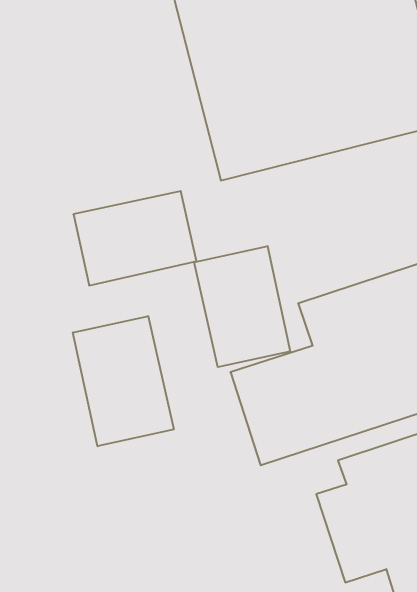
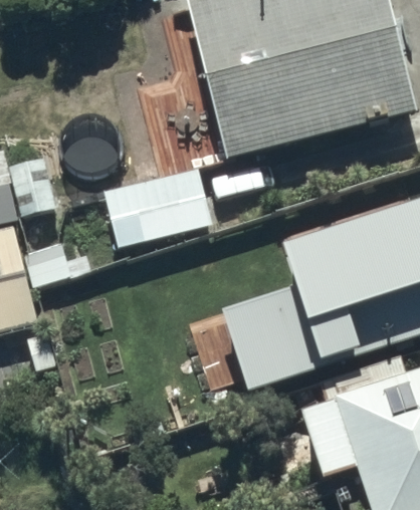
building: [194,246,290,367] -> none
building: [73,316,174,446] -> none

